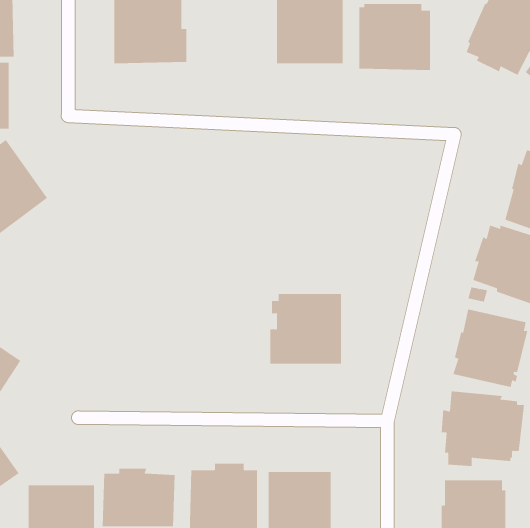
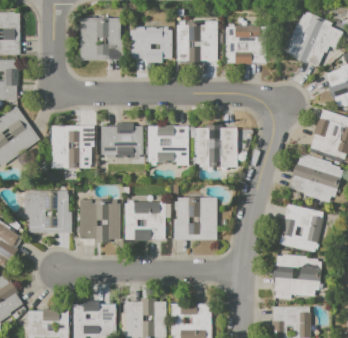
building: none -> [130,27,172,62]
building: none -> [196,123,237,168]
building: none -> [51,125,95,168]
building: none -> [100,125,142,157]
building: none -> [147,125,187,166]
building: none -> [24,190,73,233]
building: none -> [79,199,120,242]
building: none -> [124,202,165,240]

